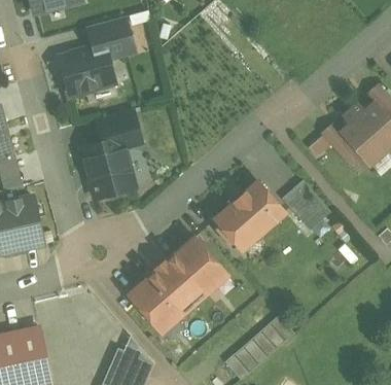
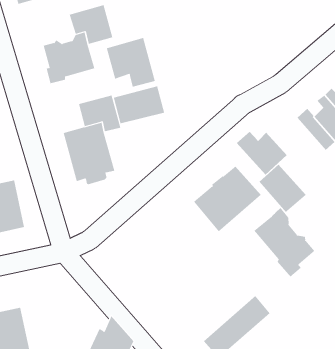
building: none -> [106,37,155,87]
building: none -> [113,85,165,124]
building: none -> [236,131,287,176]
building: none -> [253,207,315,278]
building: [129,238,222,327] -> none

